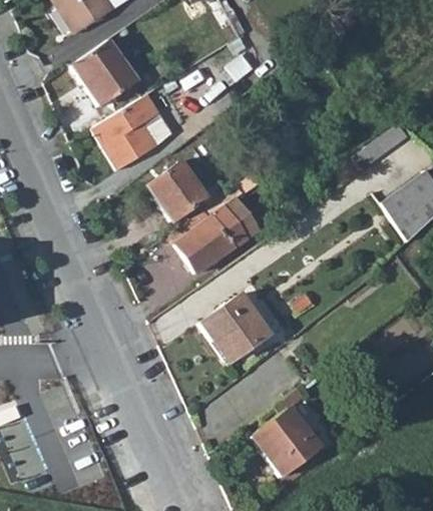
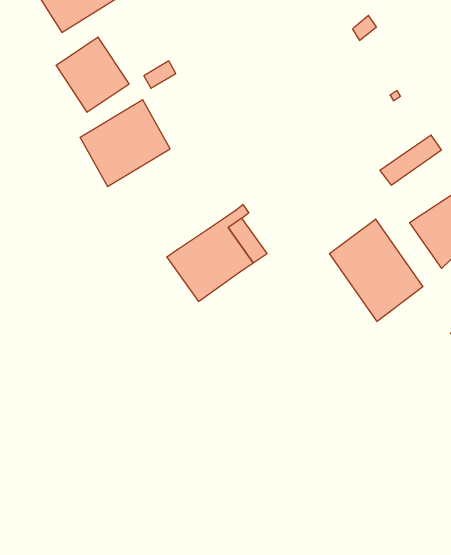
building: [148,158,231,226] -> none
building: none -> [330,219,423,321]
building: [200,293,268,359] -> none
building: [253,405,321,474] -> none

